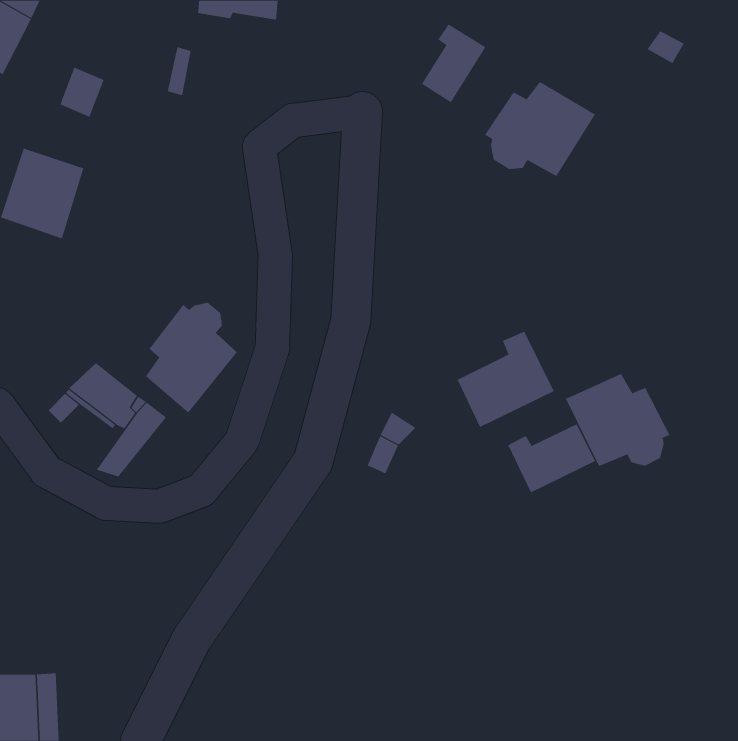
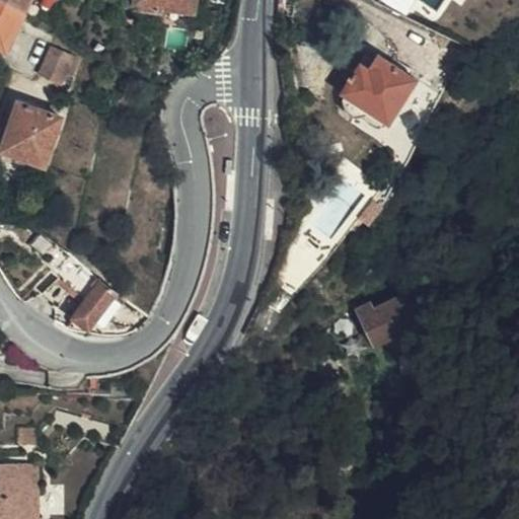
building: [421,24,486,103] -> none
building: [145,302,238,414] -> none
building: [457,331,554,428] -> none
building: [565,373,670,467] -> none

